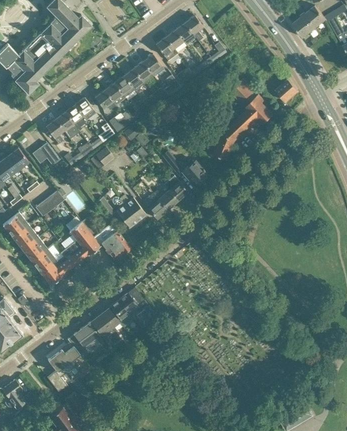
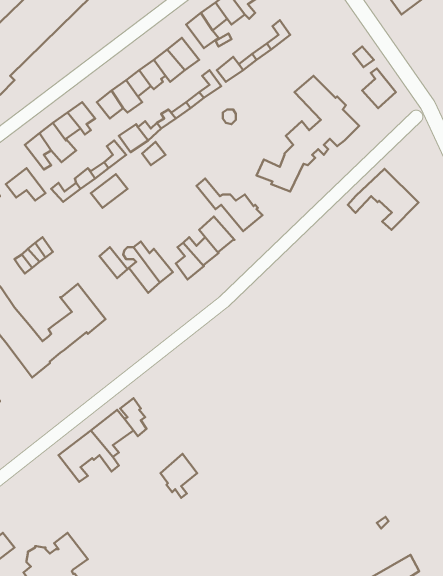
building: none -> [348,169,419,230]
building: [96,224,130,259] -> none
building: [119,287,144,317] -> [161,454,197,498]
building: [47,339,91,392] -> none

